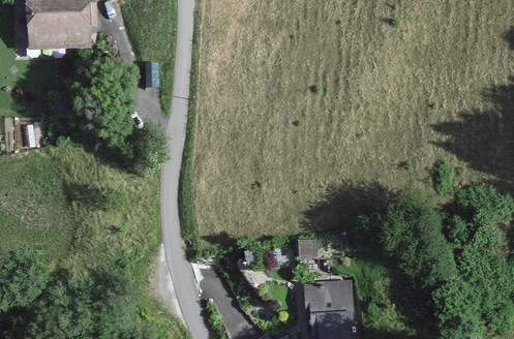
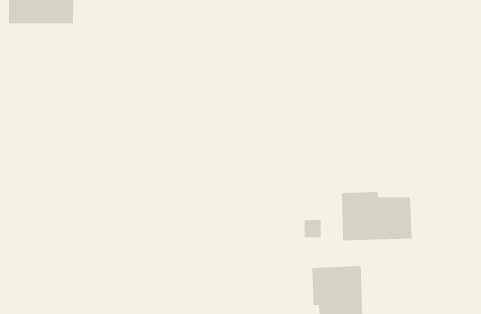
building: none -> [342,191,412,241]

